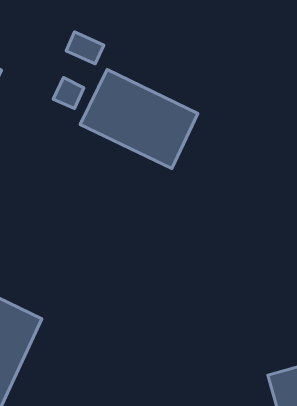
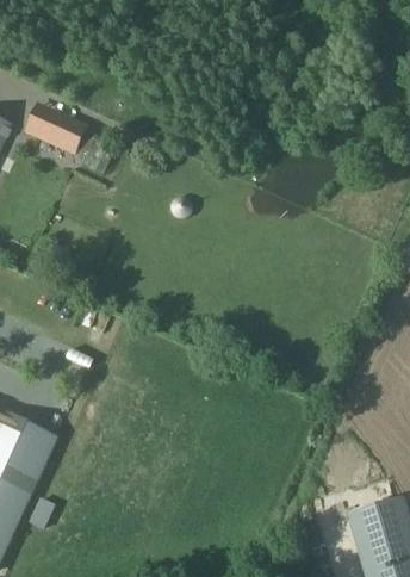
building: [66,32,104,64] -> [37,108,85,149]
building: [80,70,198,169] -> none

